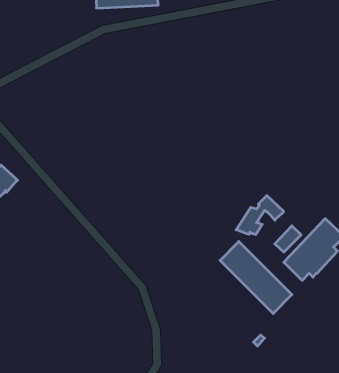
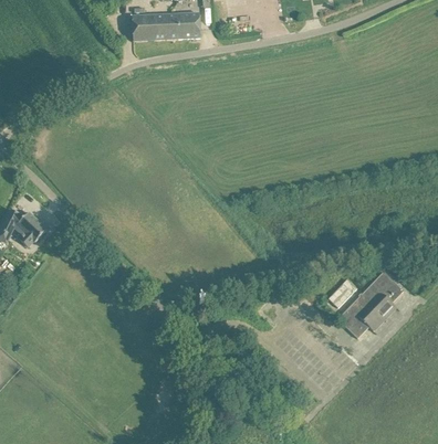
building: [236,196,284,235] -> none
building: [220,241,292,314] -> none

